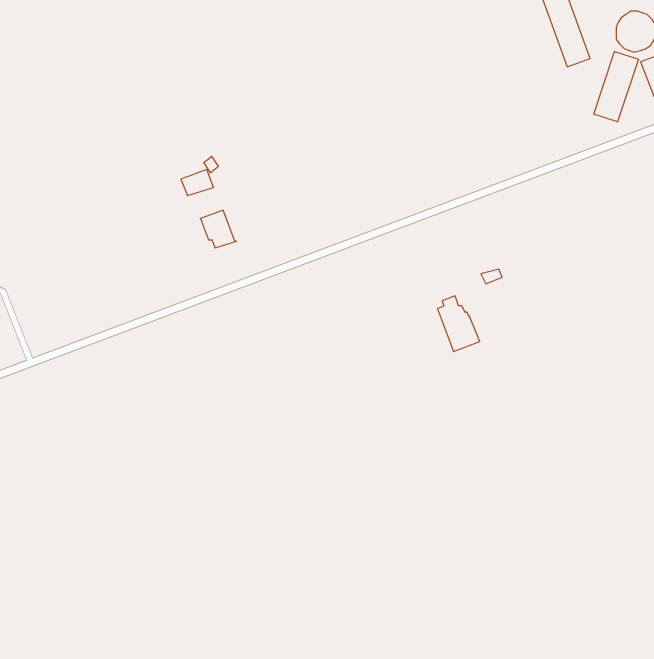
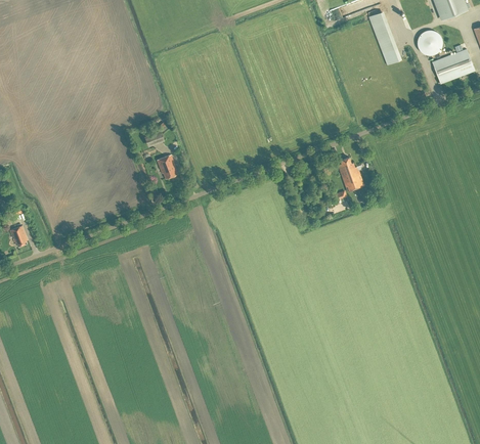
building: [594,51,638,122] -> none
building: [437,296,480,351] -> [337,157,363,191]

